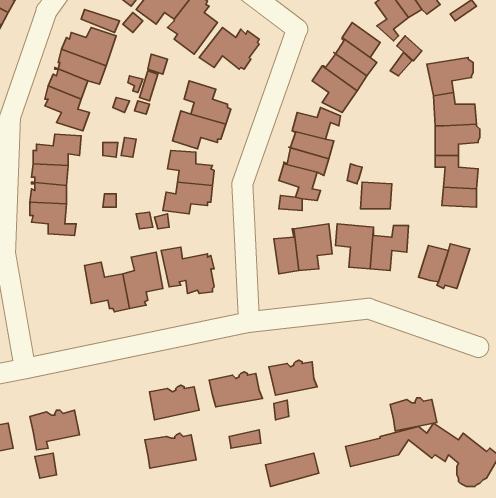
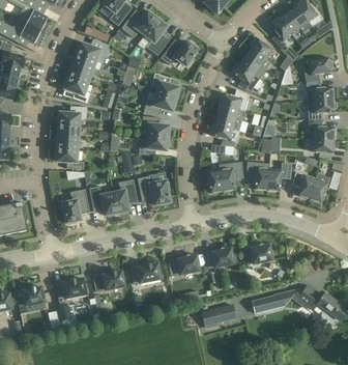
building: none -> [61,189,89,224]
building: [390,398,437,431] -> [243,244,272,264]
building: [145,433,196,468] -> [92,270,124,291]

